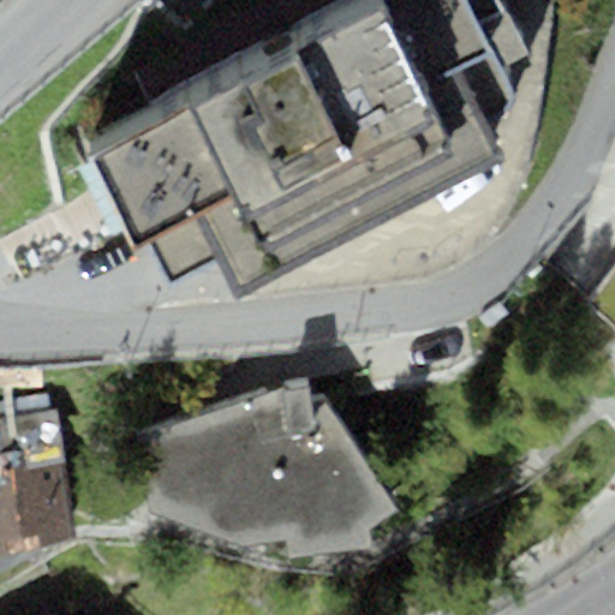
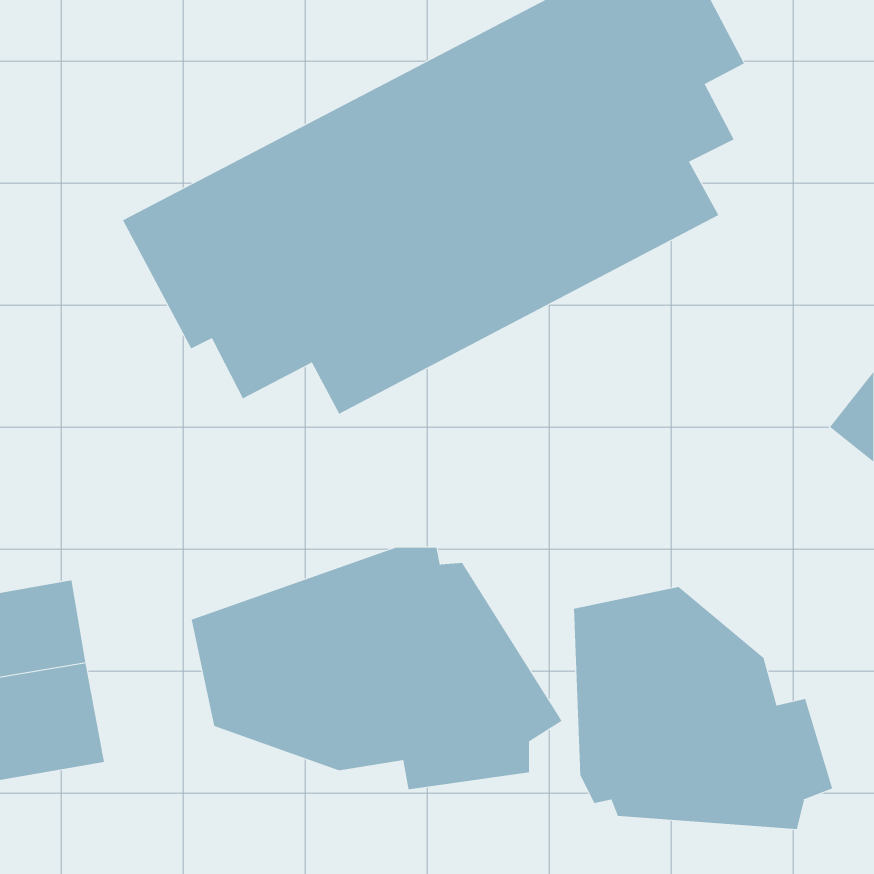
building: none -> [574,586,833,830]

